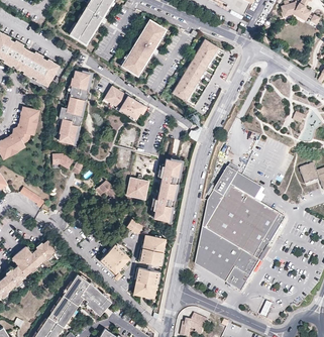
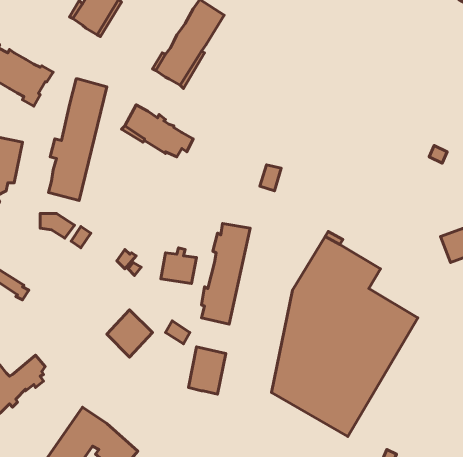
building: [173,41,223,105] -> none
building: [103,244,131,273] -> [107,310,152,357]
building: [136,268,160,298] -> none

